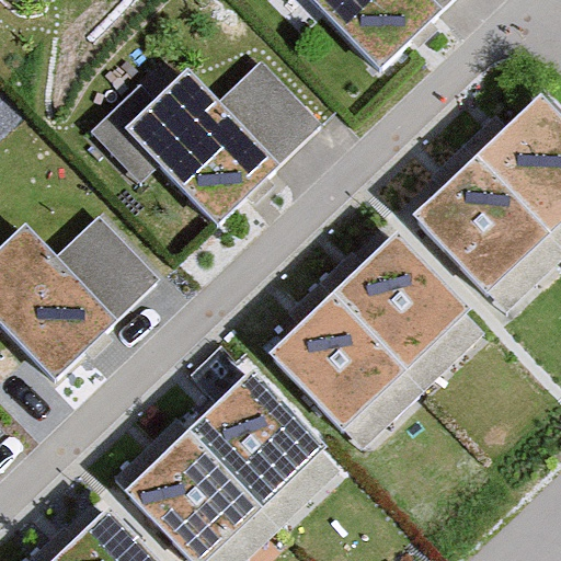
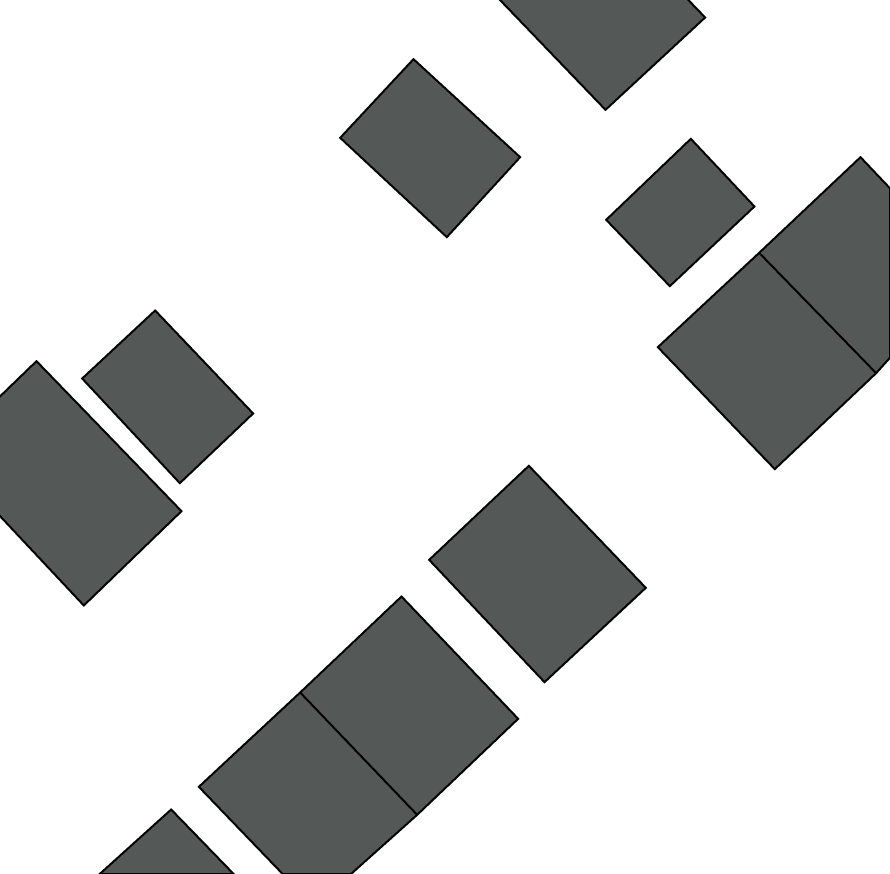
building: [125,69,278,225] -> none
building: none -> [606,139,755,286]
building: [332,232,469,369] -> none

